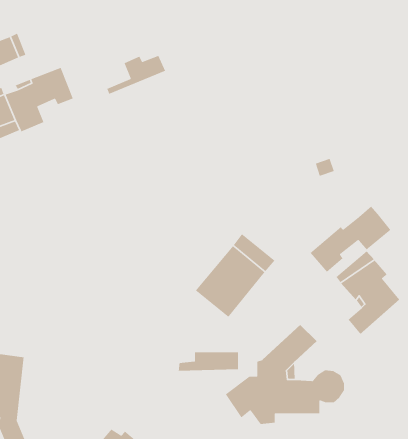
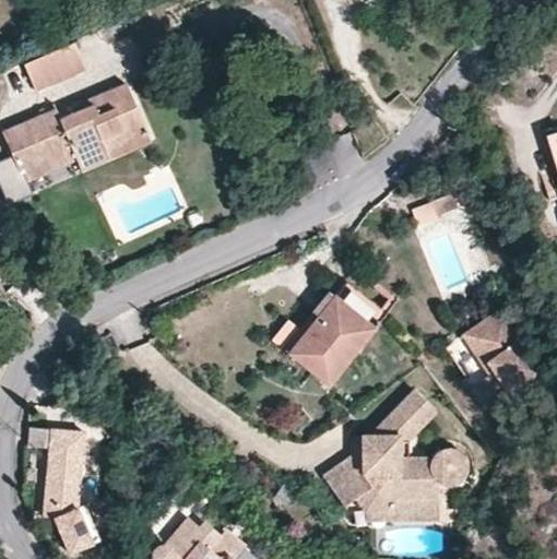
building: [106,55,166,95] -> [80,122,152,170]
building: [309,205,391,273] -> none
building: [178,352,239,372] -> [366,501,439,525]

